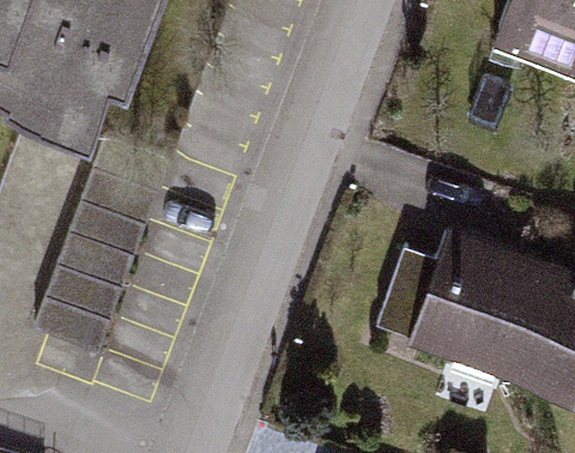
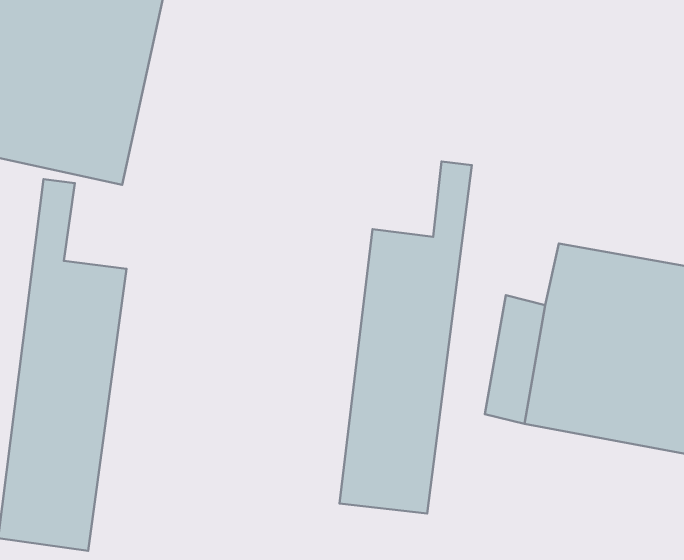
building: none -> [339,161,472,514]

